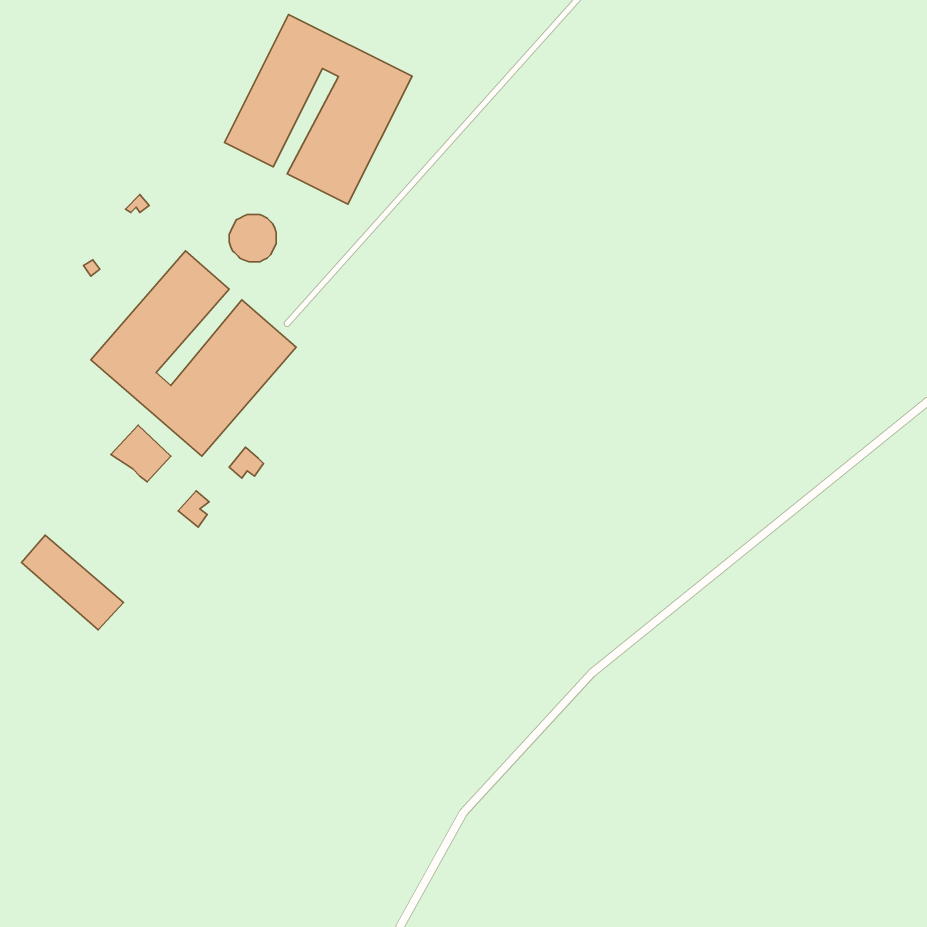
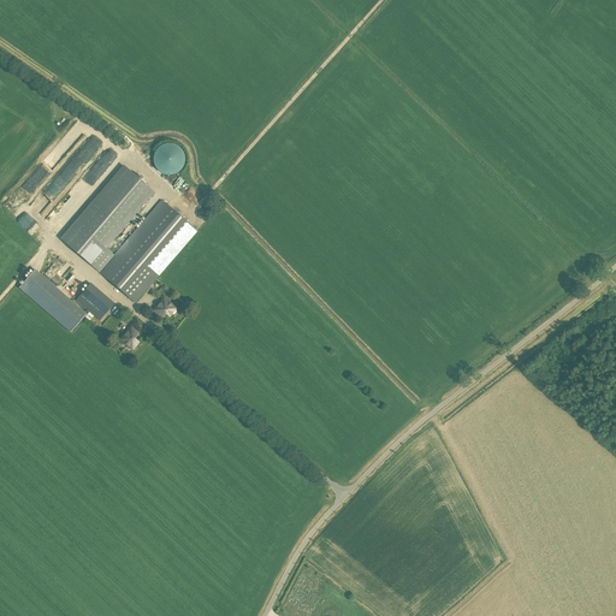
building: [224,15,412,204] -> none
building: [22,535,123,630] -> [18,268,85,331]

